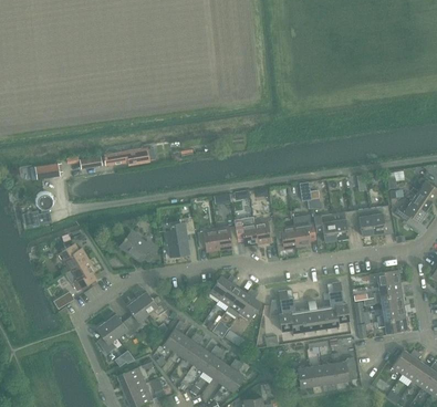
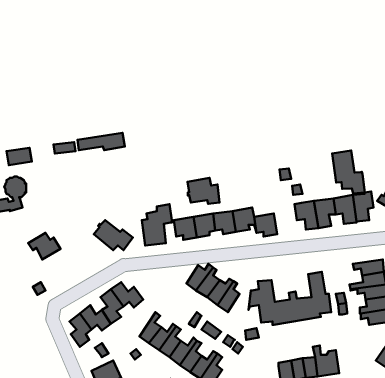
building: none -> [332,151,365,193]
building: none -> [187,178,219,204]
building: [293,216,315,246] -> none
building: [64,260,94,289] -> none

